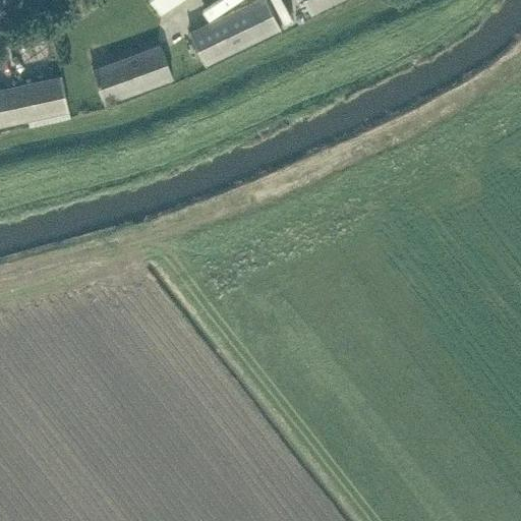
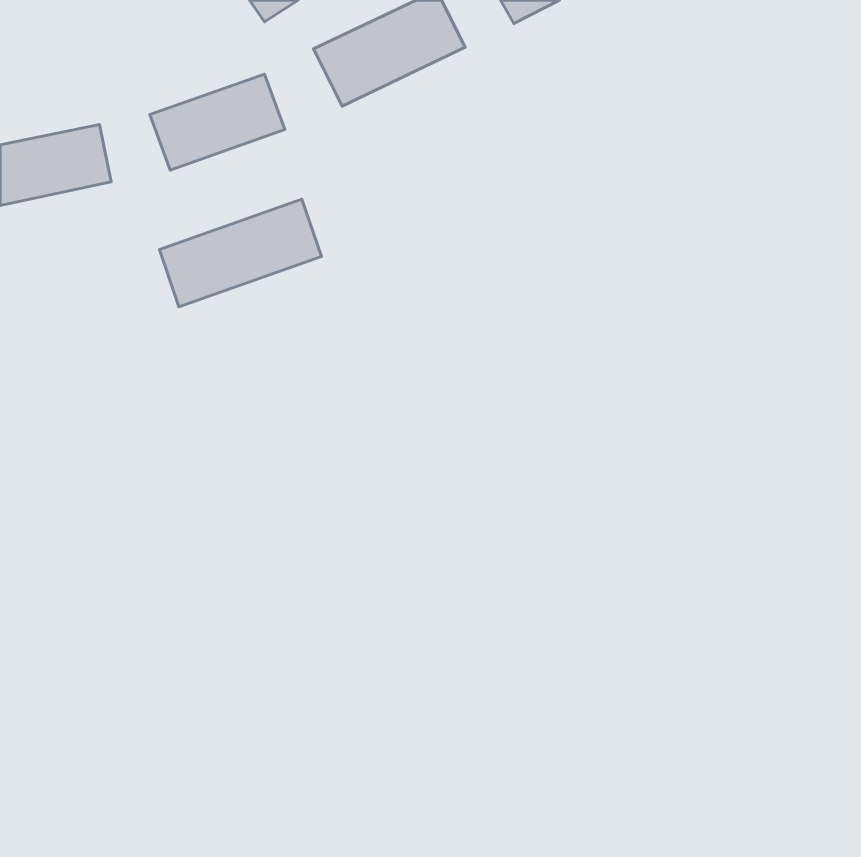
building: none -> [159,199,321,307]

